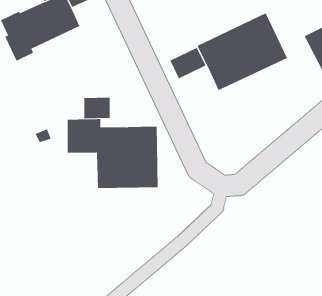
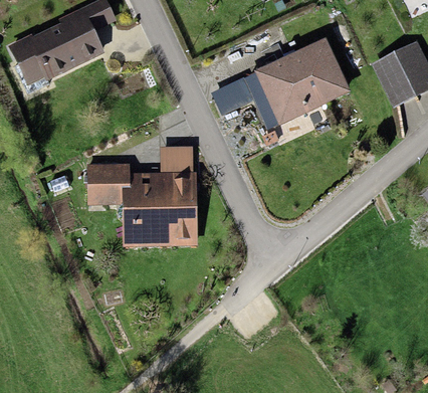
building: [83,97,110,119] -> [160,147,192,173]

